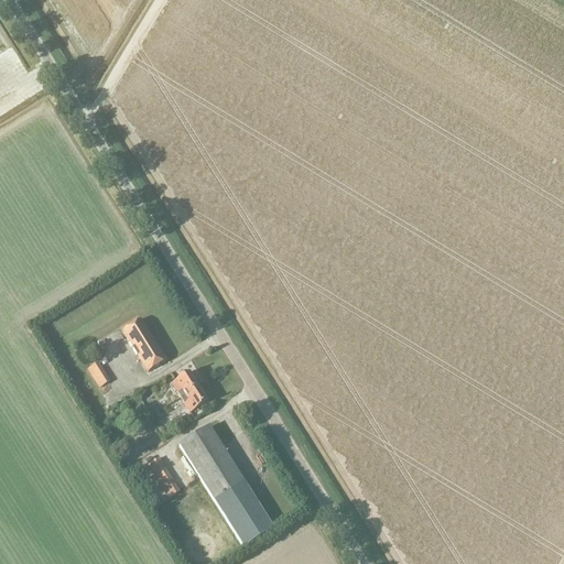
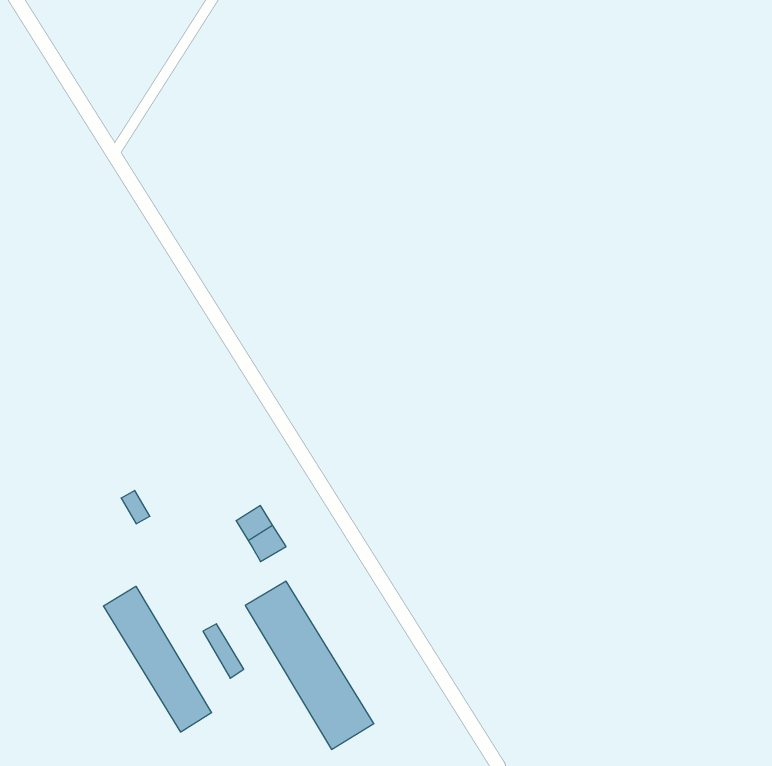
building: [124,314,169,367] -> none
building: none -> [103,586,212,732]

